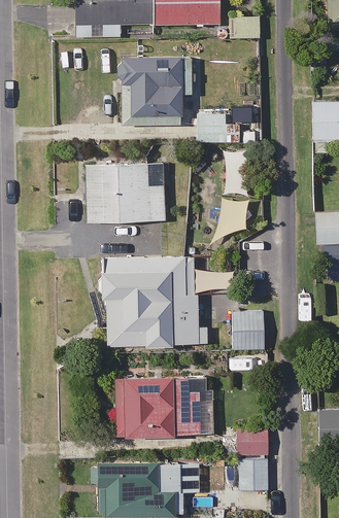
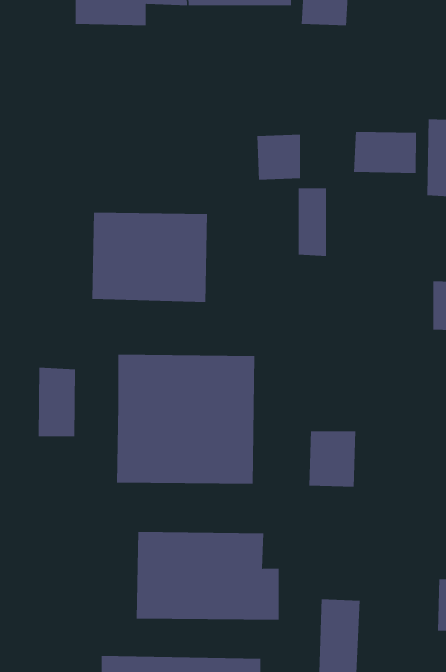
building: [120,56,192,124] -> none
building: none -> [353,131,417,174]
building: none -> [38,367,76,437]

